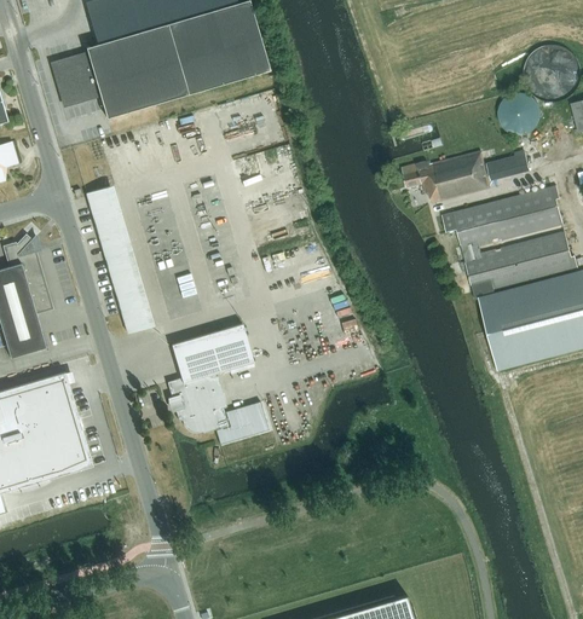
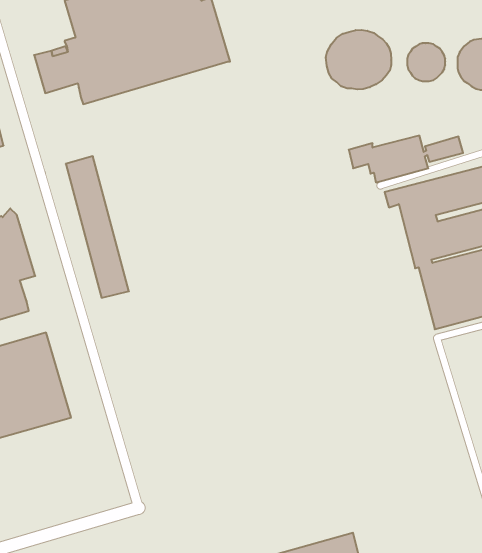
building: none -> [326,30,391,89]
building: [497,93,539,135] -> [407,43,445,81]
building: [167,324,269,445] -> none

